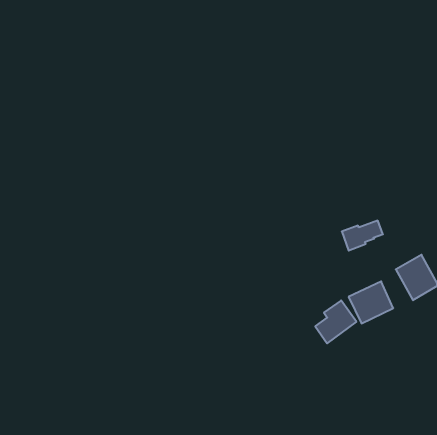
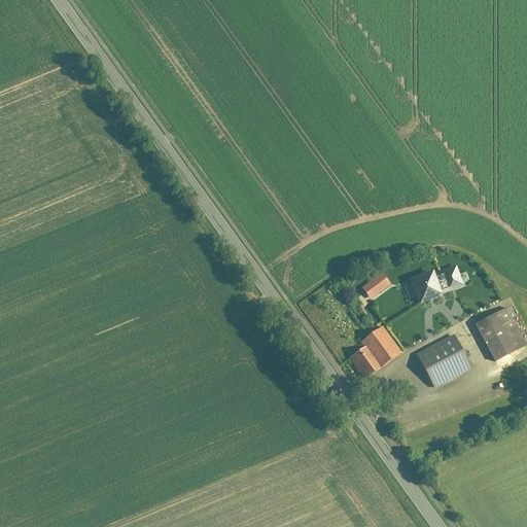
building: none -> [362,273,391,298]
building: [315,300,356,343] -> [349,324,398,376]

